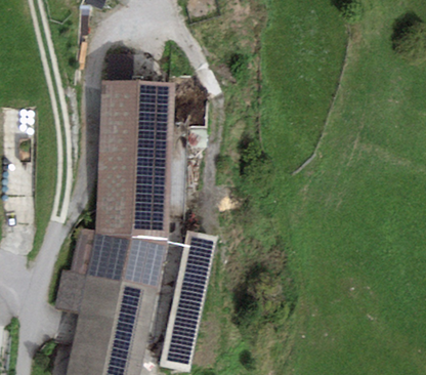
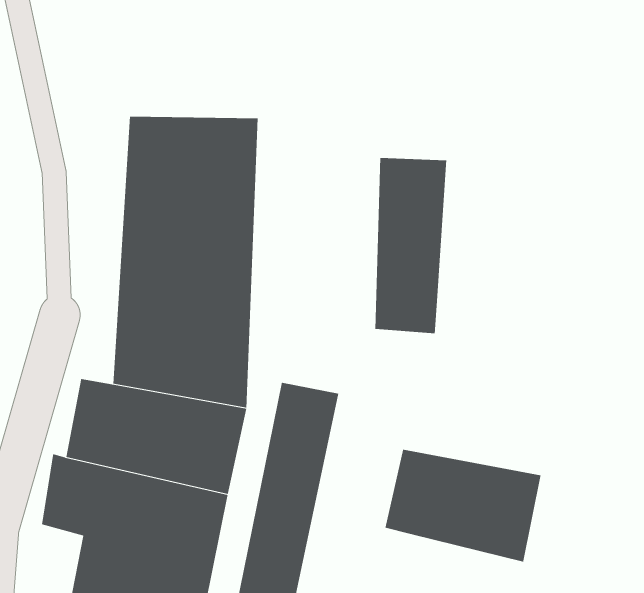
building: none -> [375,157,447,334]
building: none -> [385,449,541,562]

